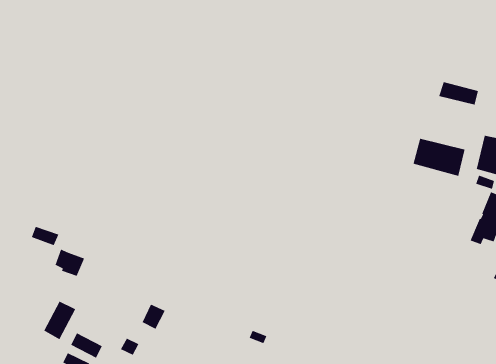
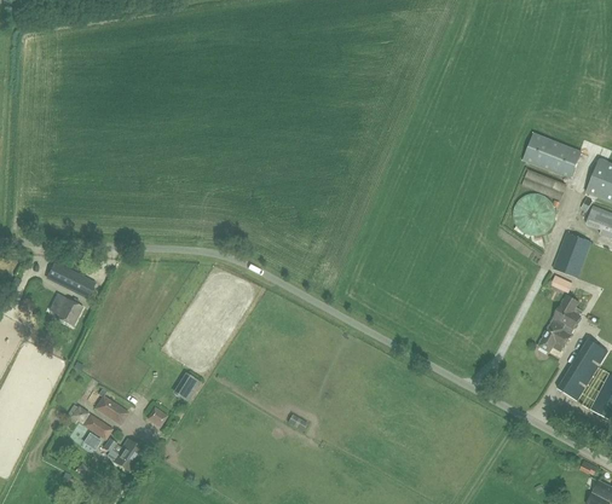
building: [412,138,466,177] -> [522,132,582,179]
building: [55,249,85,277] -> [50,291,83,324]
building: [43,300,76,340] -> none

